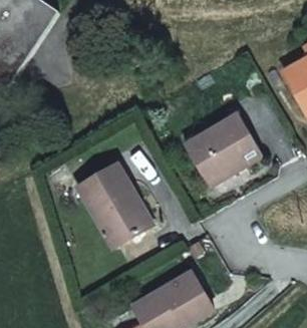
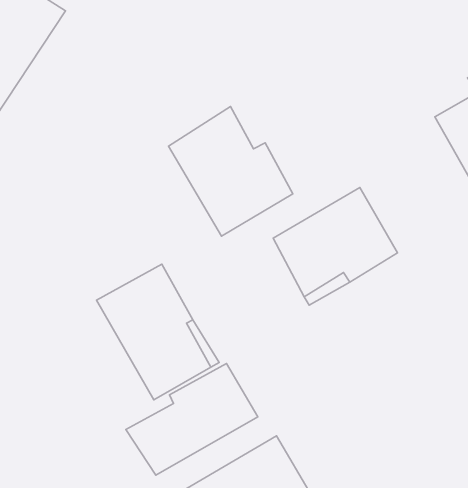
building: none -> [169,106,293,236]
building: none -> [126,364,258,475]

